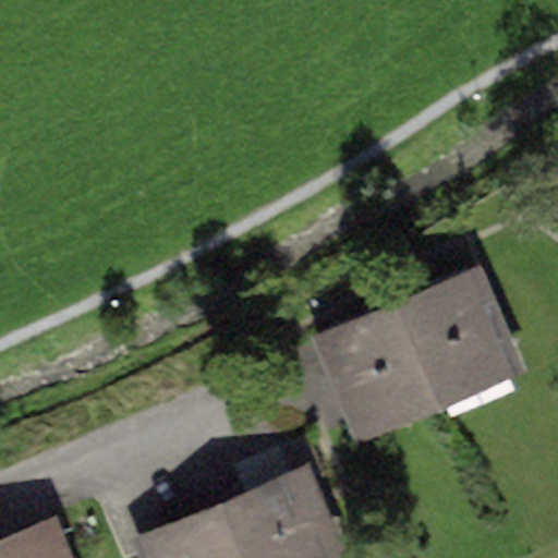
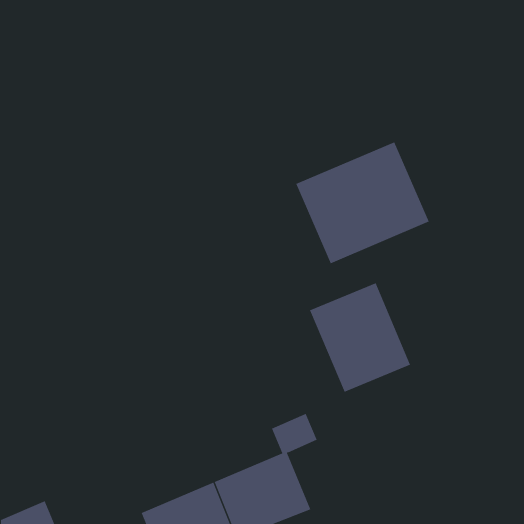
building: none -> [295,142,429,264]
building: [400,271,507,388] -> none

